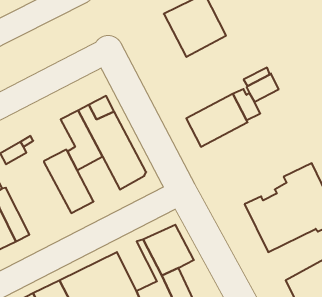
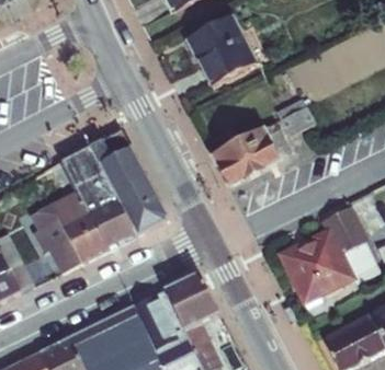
building: none -> [88,197,136,247]
building: none -> [26,204,81,271]
building: none -> [133,292,178,348]

